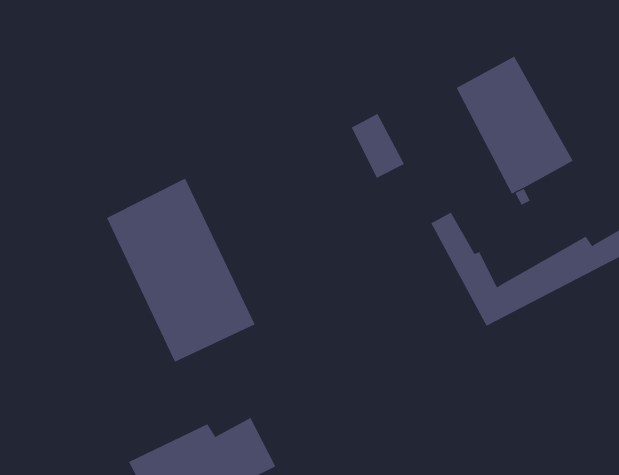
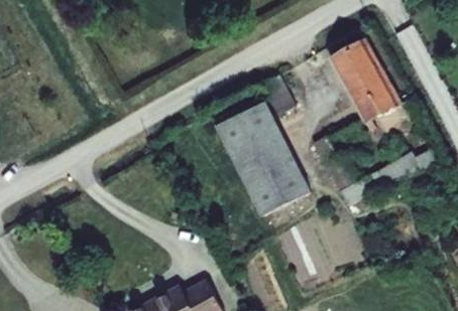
building: [106,178,256,363] -> [215,101,310,217]

